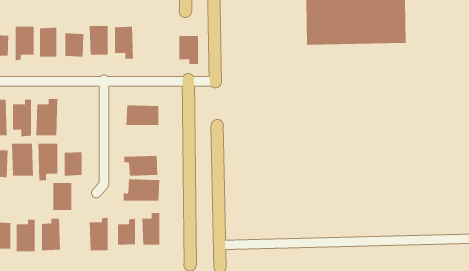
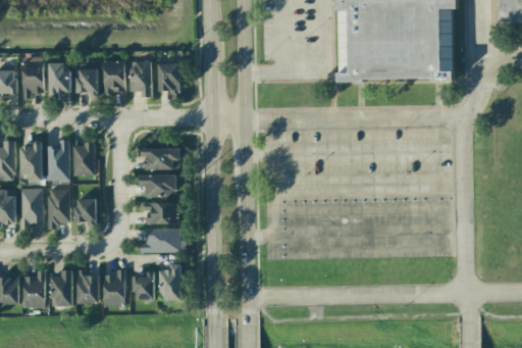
building: [178,36,199,65] -> [158,62,180,94]
building: none -> [72,143,95,176]
building: none -> [140,173,176,195]
building: [53,182,72,211] -> [77,271,99,302]

